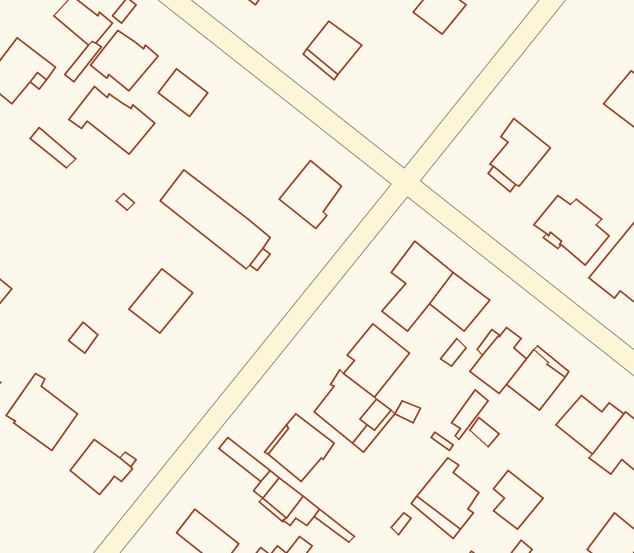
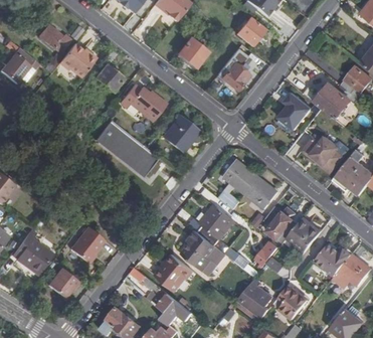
building: none -> [220,62,248,91]
building: [69,86,155,154] -> [119,83,166,121]
building: none -> [303,82,350,119]
building: [129,269,193,333] -> [69,226,105,262]

